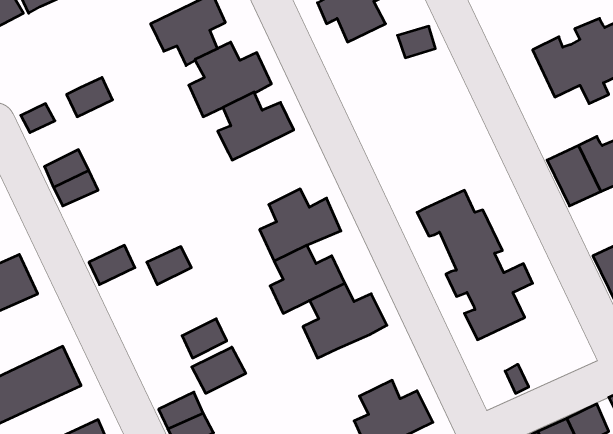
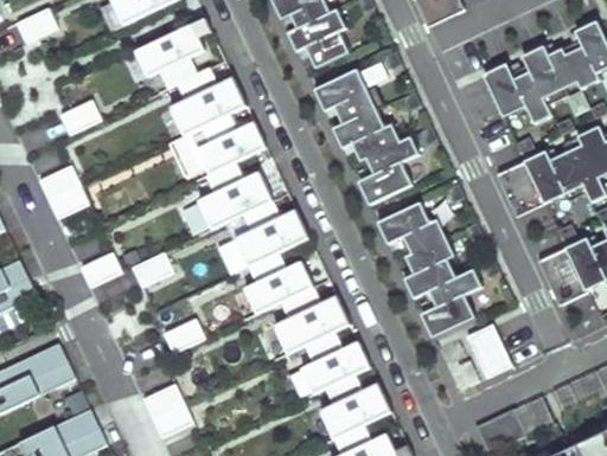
building: none -> [313,69,418,204]
building: none -> [168,127,209,176]
building: none -> [198,162,271,229]
building: none -> [466,323,511,377]
building: none -> [301,332,370,393]
building: [192,347,246,393] -> none

